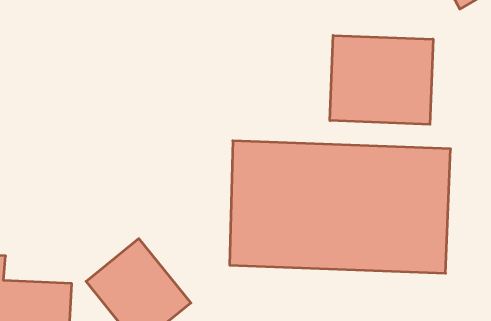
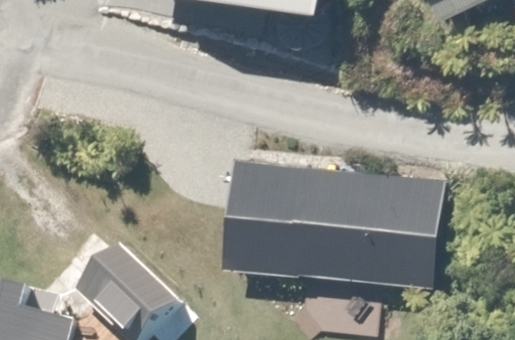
building: [330,35,433,124] -> none

